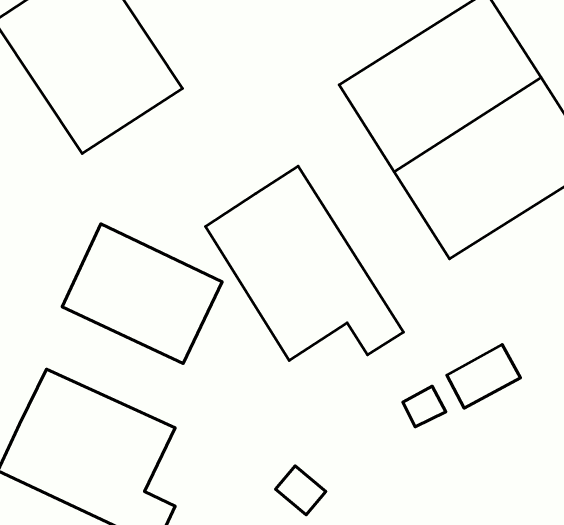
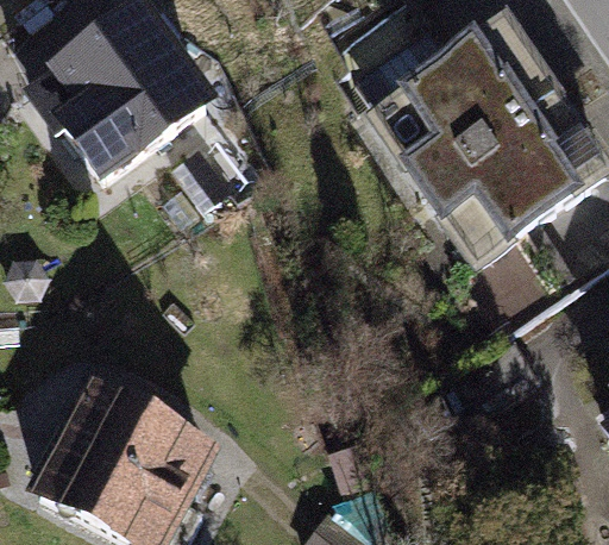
building: [206,166,403,361] -> none
building: [62,224,222,364] -> none

